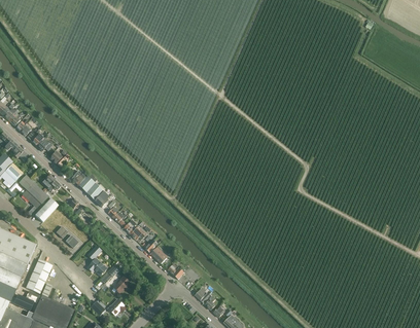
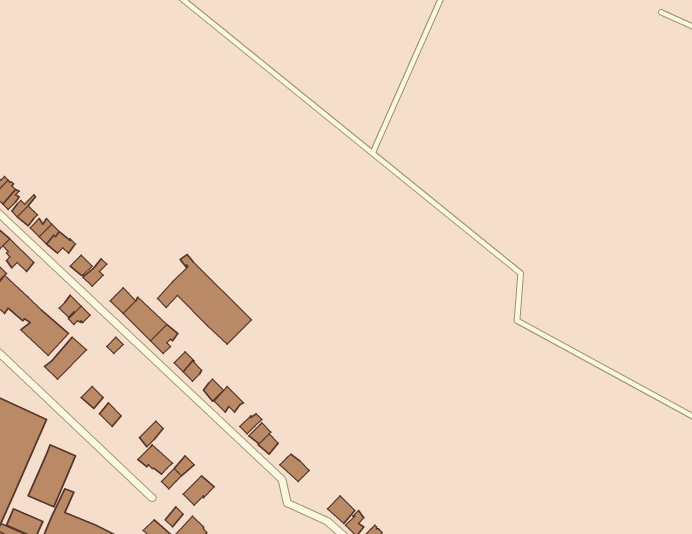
building: none -> [157,254,251,344]

